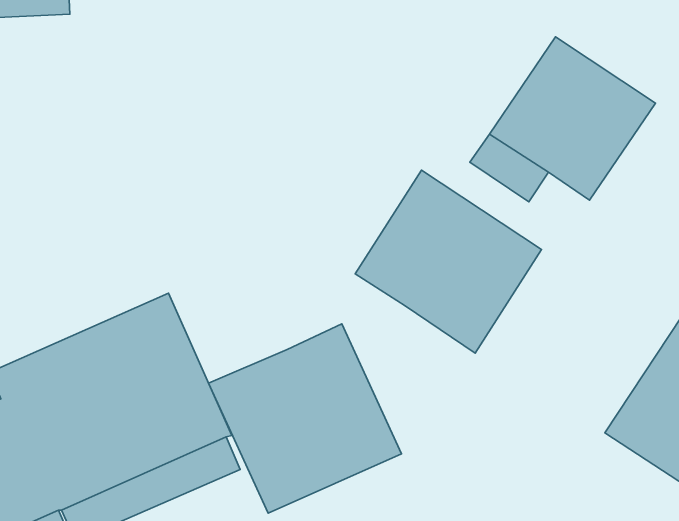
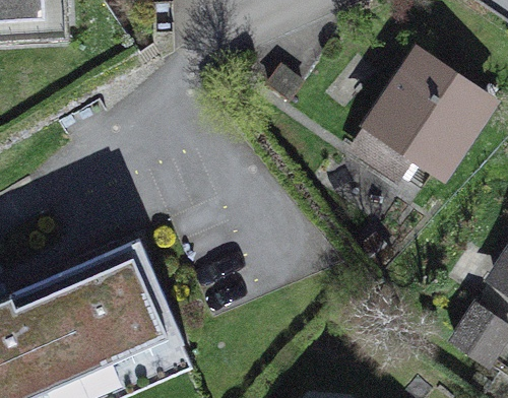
building: [355,170,541,353] -> none
building: [208,324,402,513] -> none

